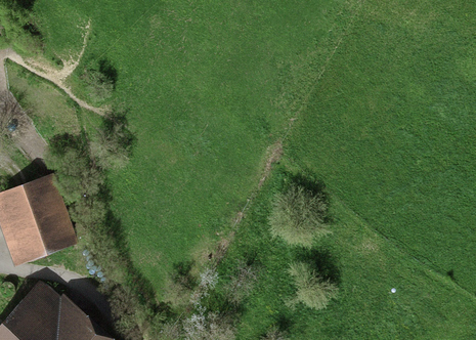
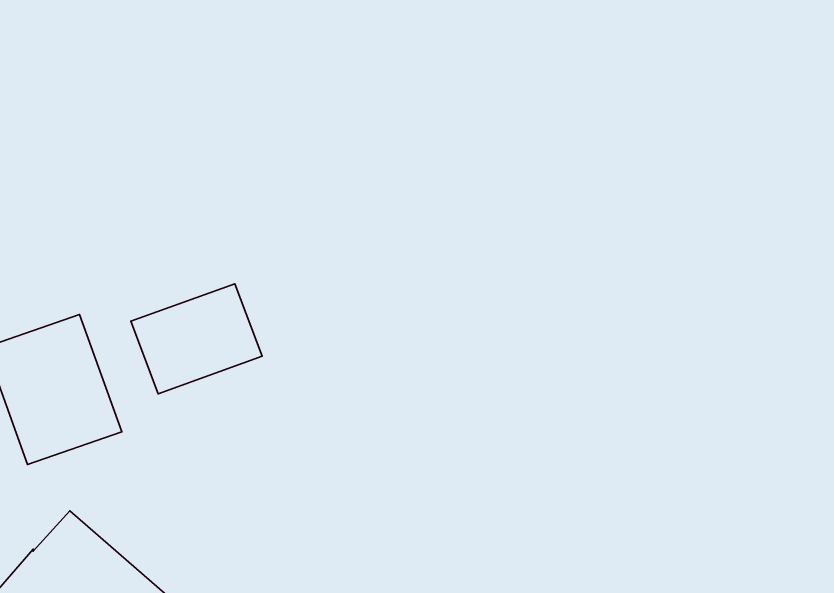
building: none -> [131,284,262,394]

